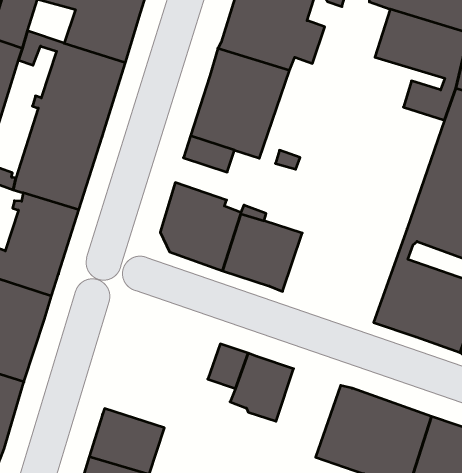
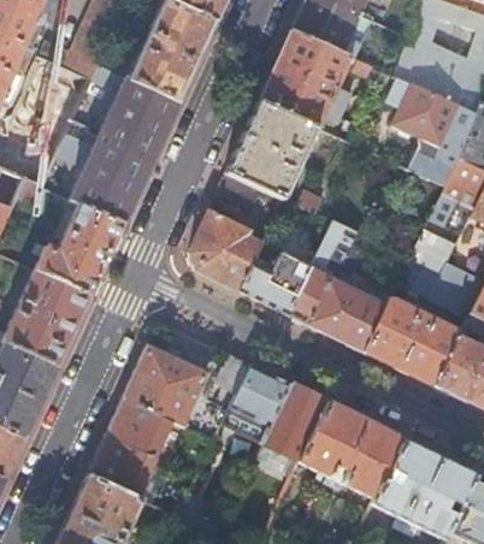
building: none -> [289,221,402,351]
building: none -> [124,345,208,426]
building: none -> [261,383,329,468]

